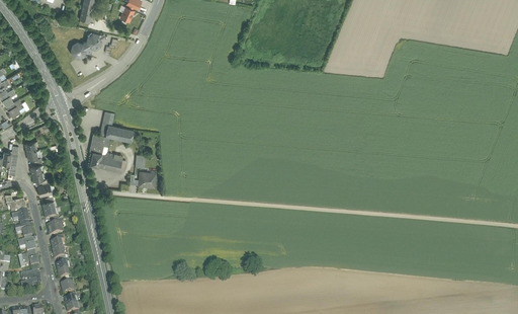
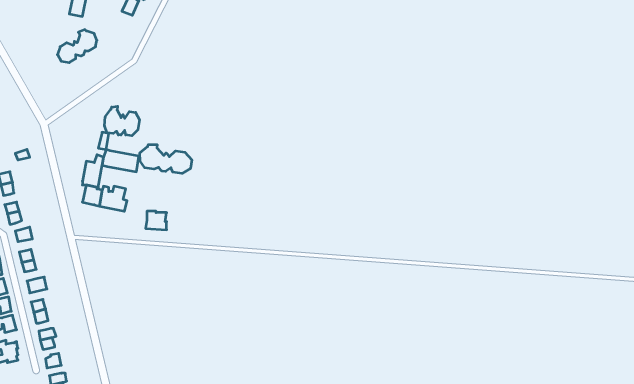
building: none -> [105,106,140,136]
building: none -> [140,145,192,173]

